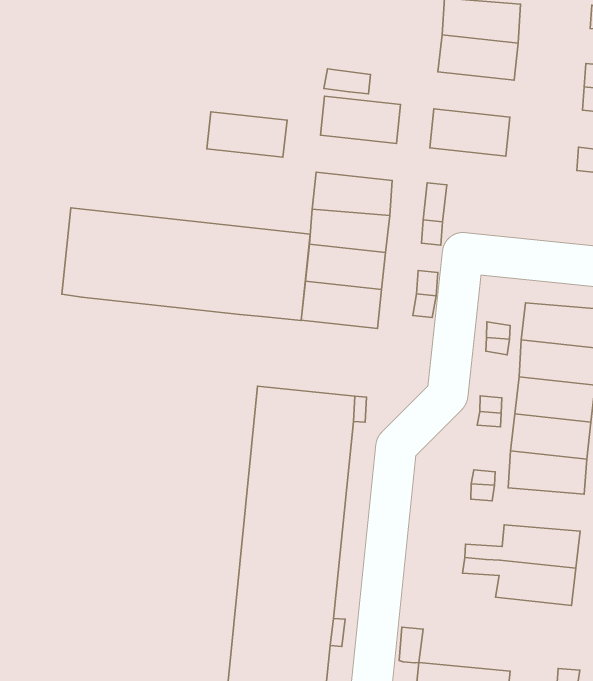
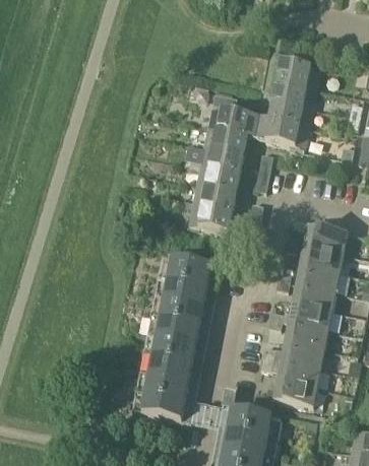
building: none -> [268,98,312,126]
building: [207,112,287,157] -> [203,126,247,153]
building: [62,208,310,320] -> none
building: none -> [285,321,328,347]
building: none -> [253,378,316,406]

